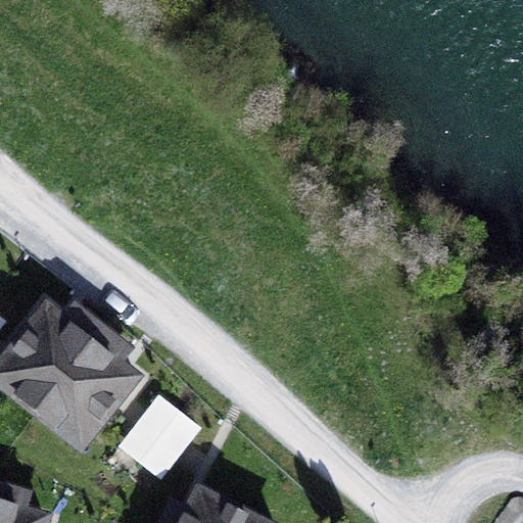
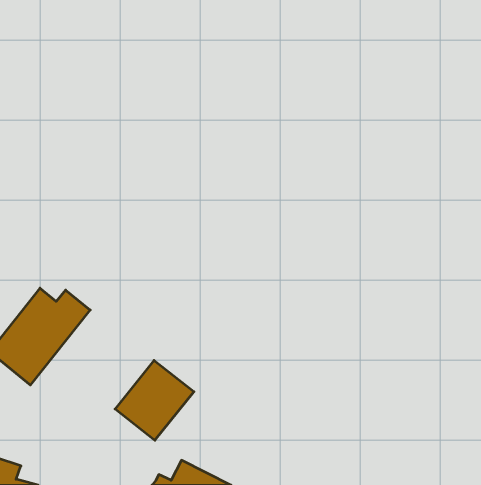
building: [33,333,132,448] -> none

